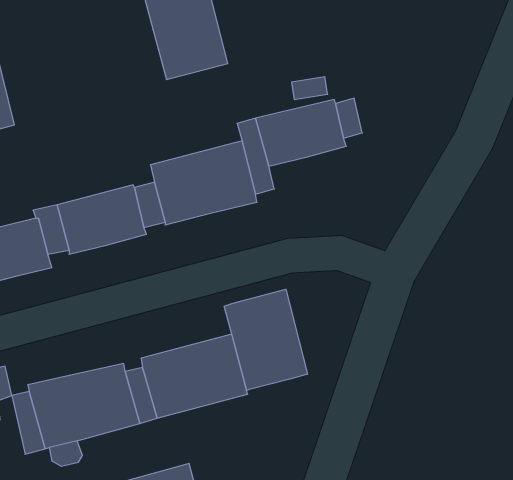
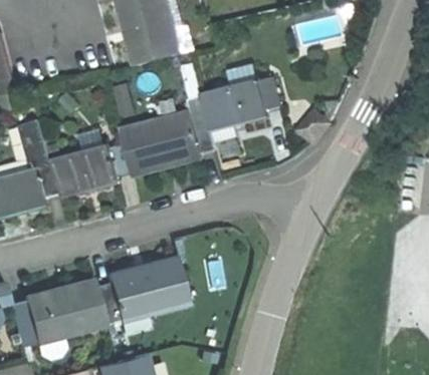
building: none -> [17,121,48,170]
building: [224,289,307,391] -> none

